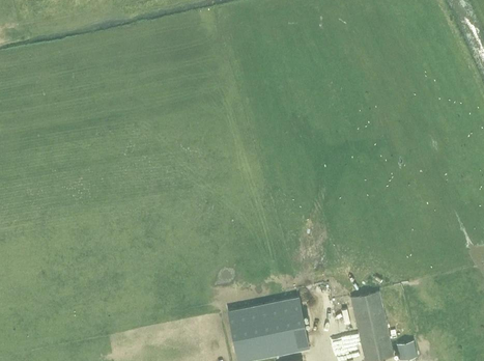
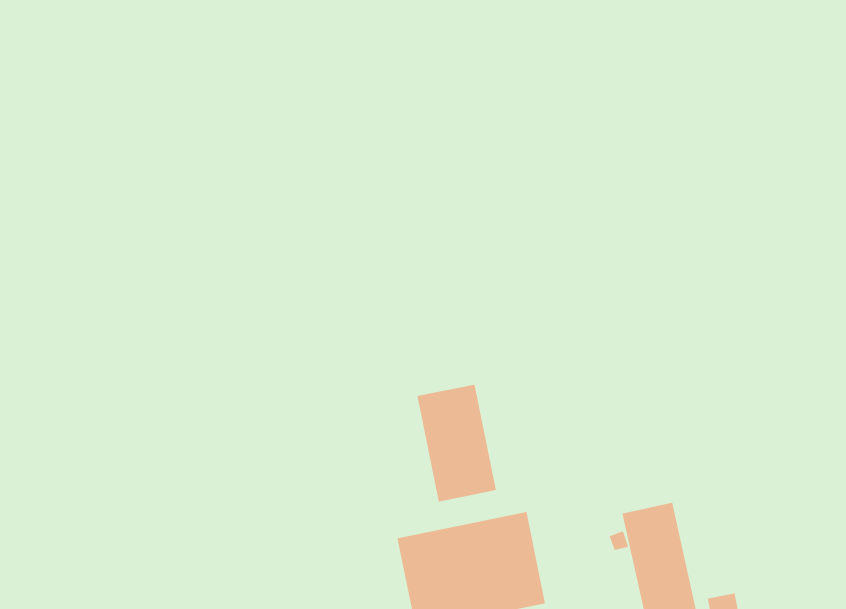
building: none -> [417,384,497,503]

